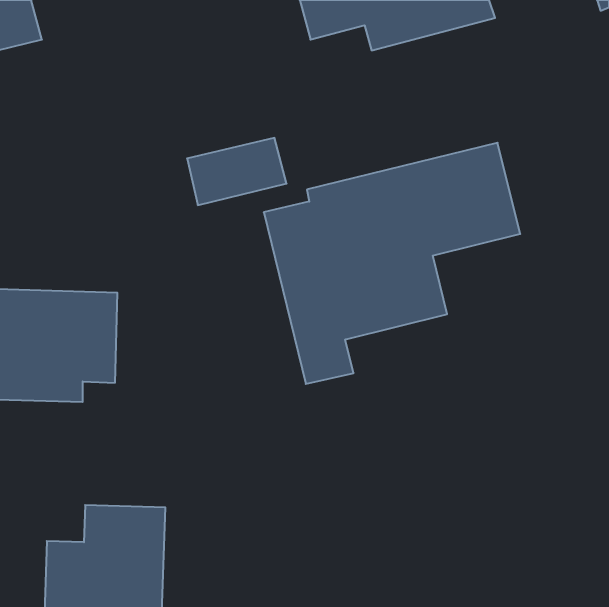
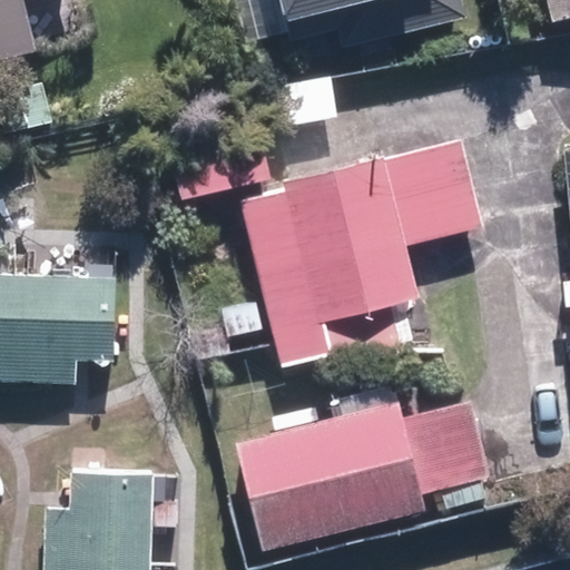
building: none -> [237,401,483,547]

